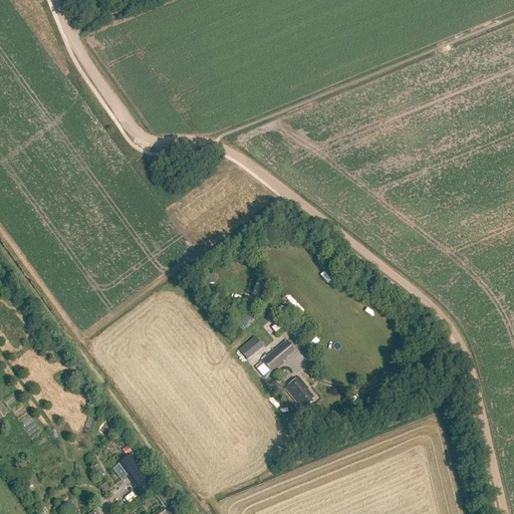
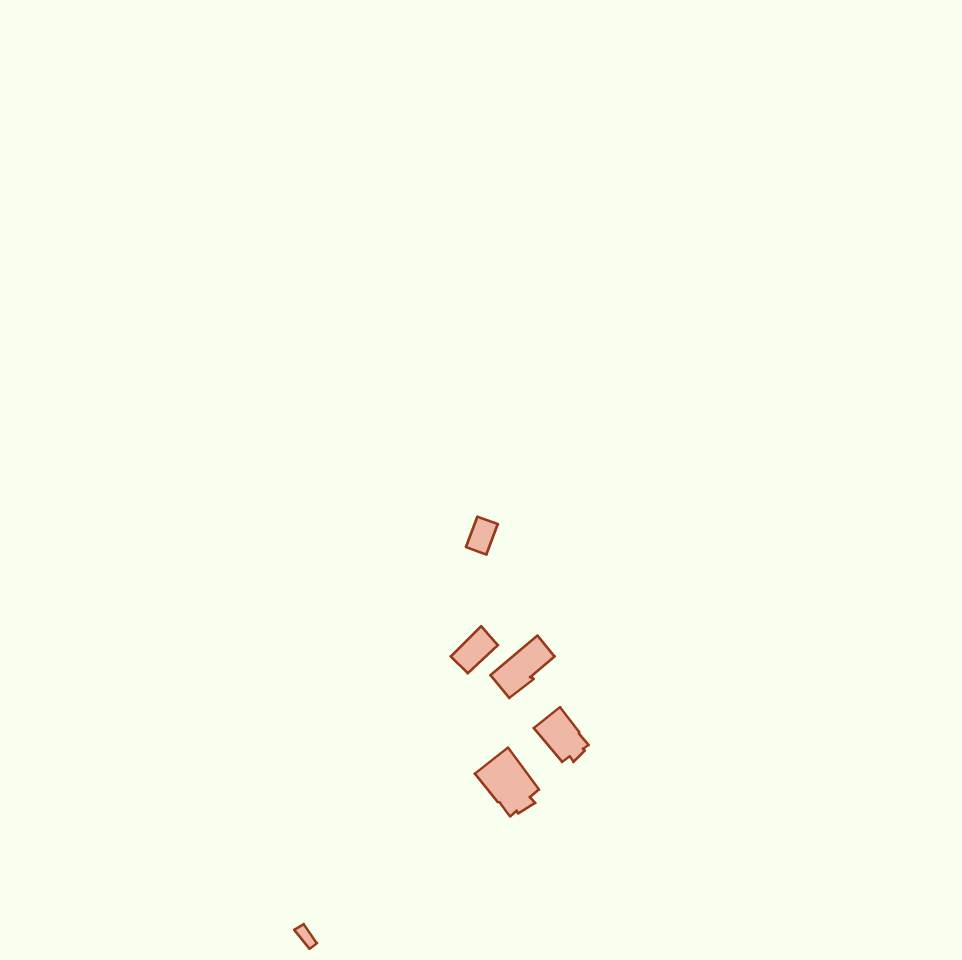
building: none -> [475,748,539,816]
building: [111,455,151,491] -> none

